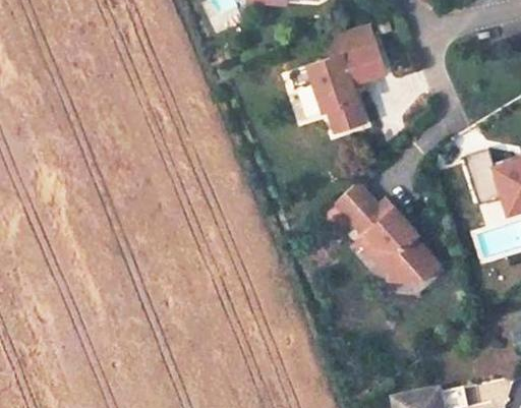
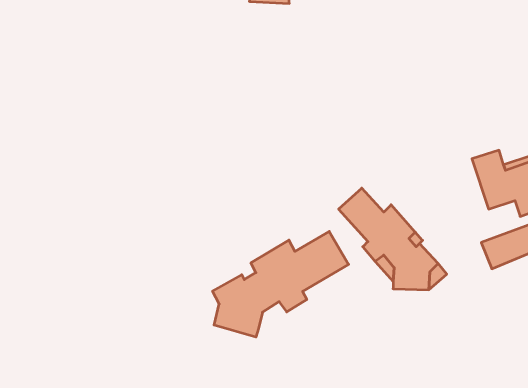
building: [289,24,383,132] -> none
building: none -> [213,231,349,337]

